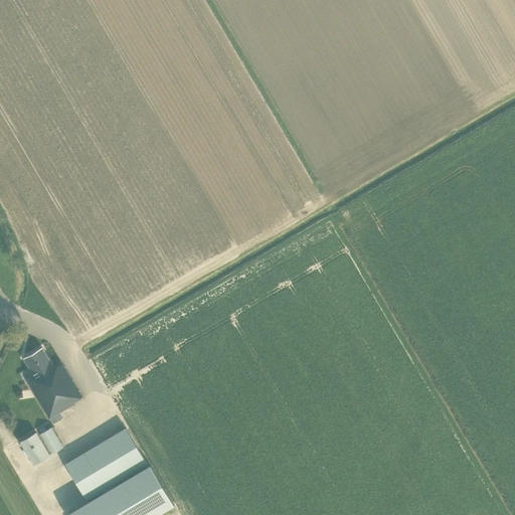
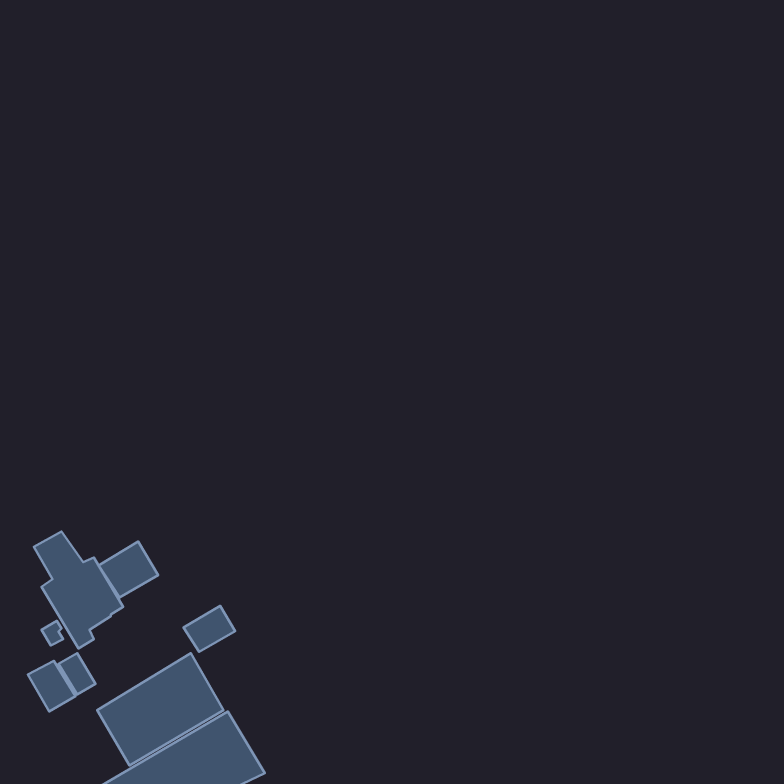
building: none -> [99,542,158,597]
building: none -> [183,606,235,652]

